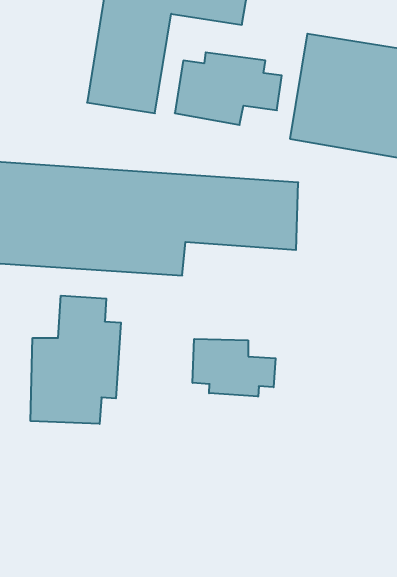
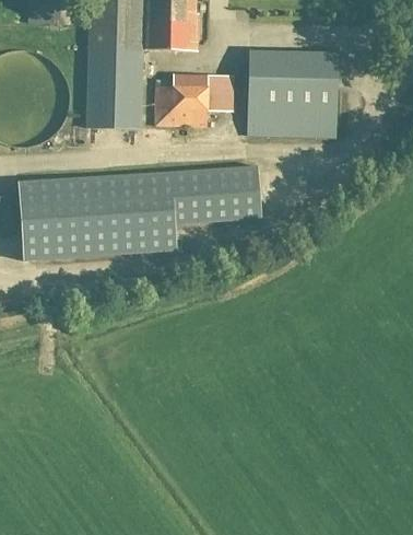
building: [31,296,121,424] -> none
building: [193,339,276,397] -> none

